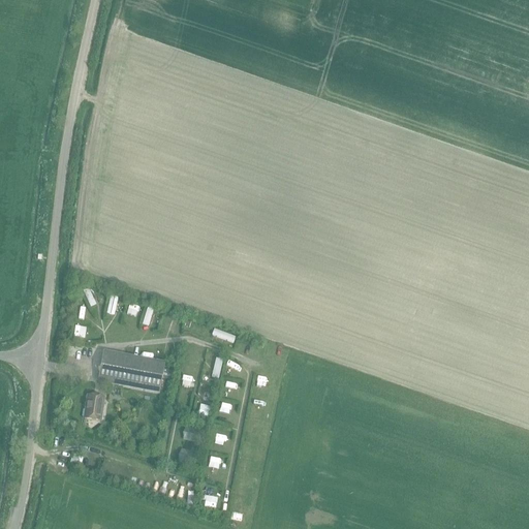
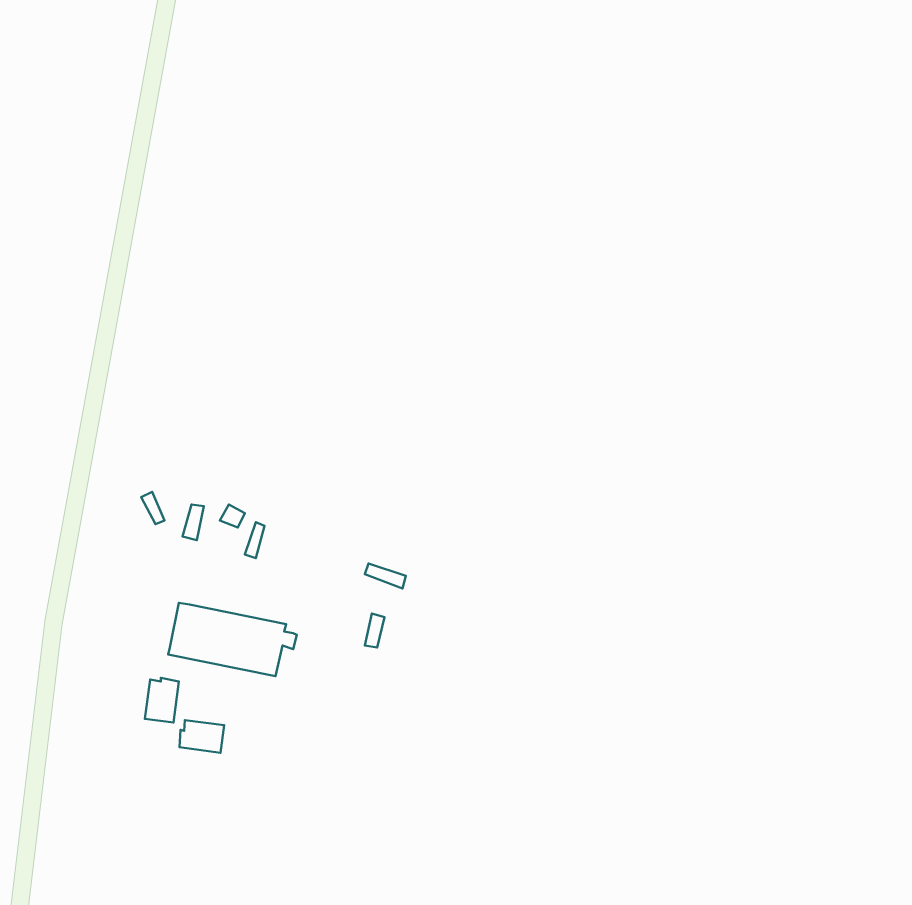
building: none -> [180,720,224,753]

